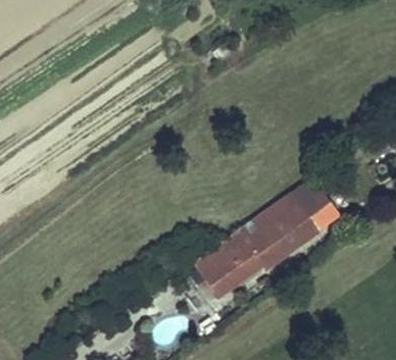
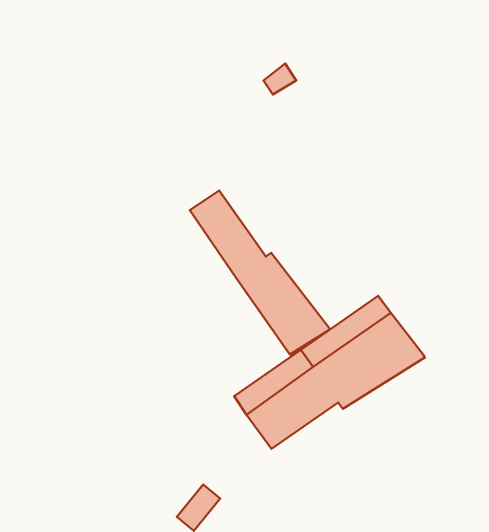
building: none -> [190,190,330,354]
building: [288,173,339,235] -> none

